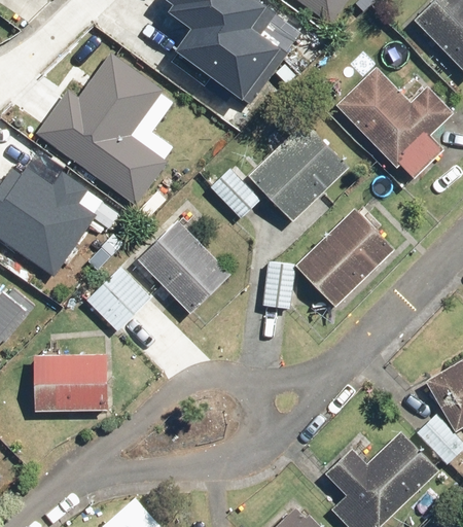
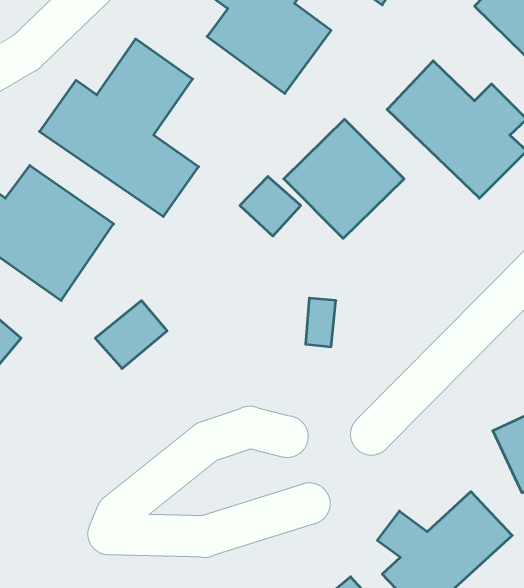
building: [297,215,389,307] -> none
building: [136,224,228,315] -> none
building: [29,351,103,414] -> none

